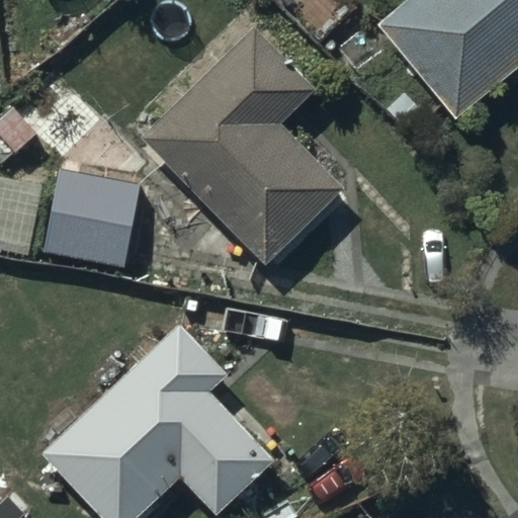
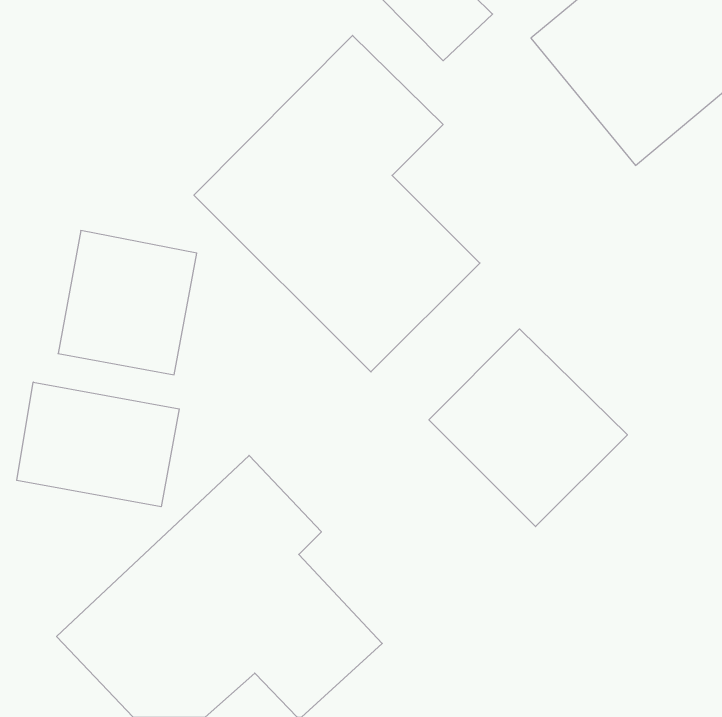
building: none -> [429,329,627,527]
building: none -> [17,382,179,507]

